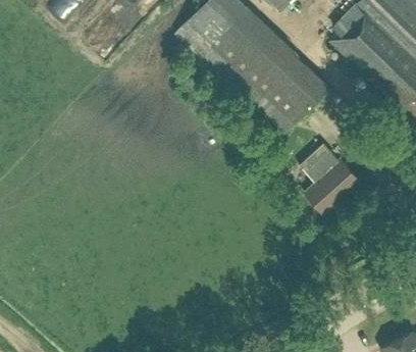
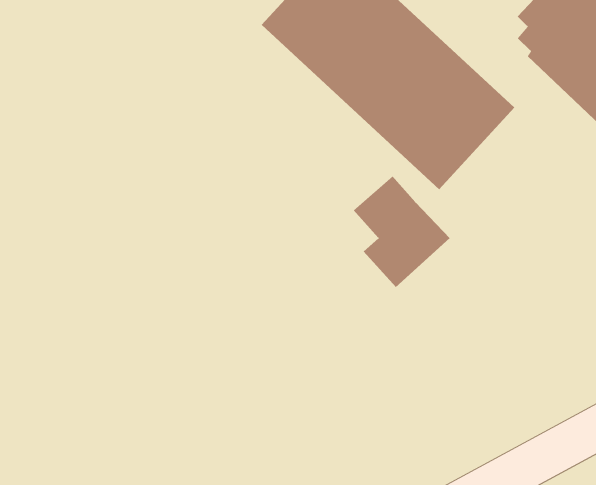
building: [301,143,361,212] -> [353,175,450,288]

